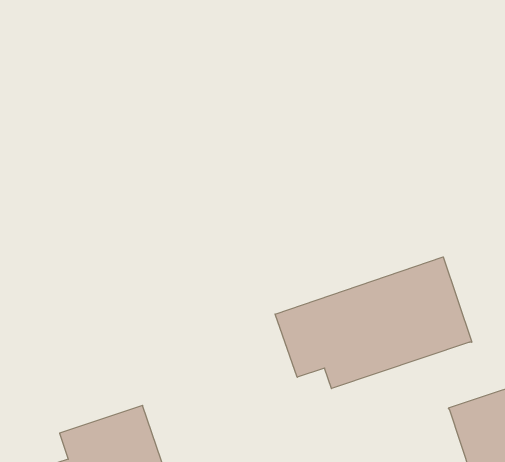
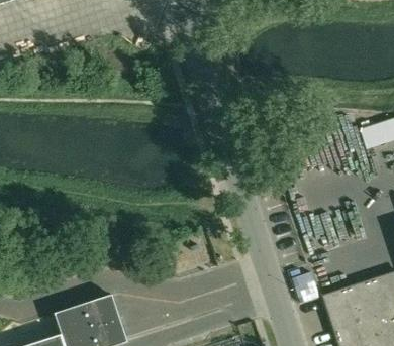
building: [275,257,472,389] -> none

